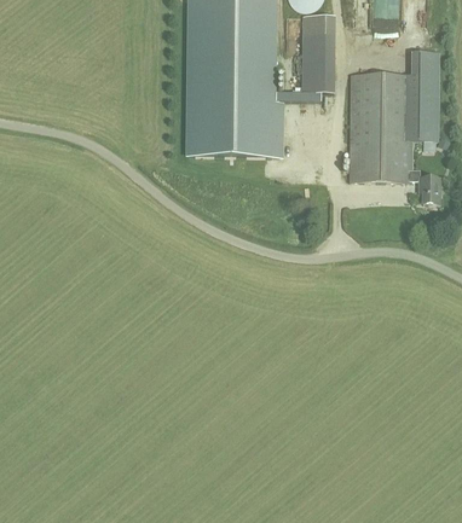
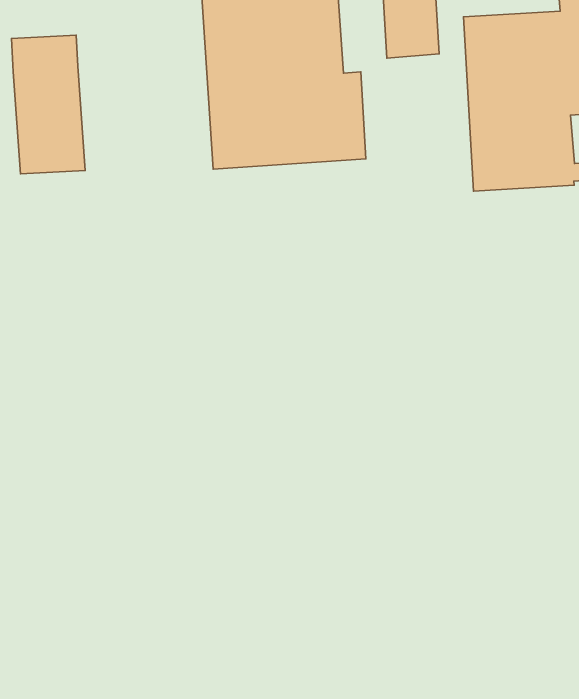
building: none -> [11,35,85,174]

